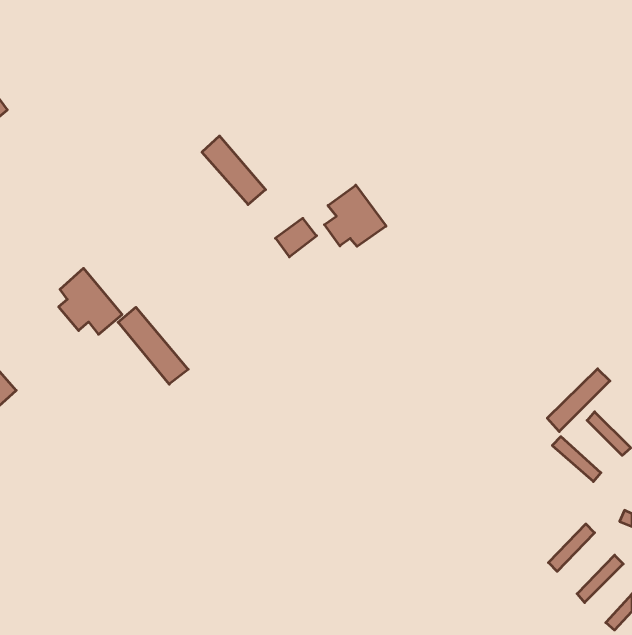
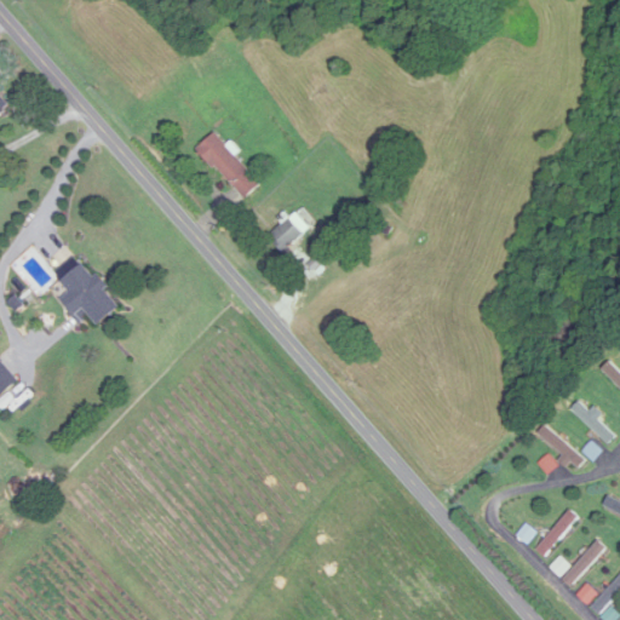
building: [324,185,386,246] -> none
building: [118,307,188,384] -> none
building: [547,369,610,432] -> none

